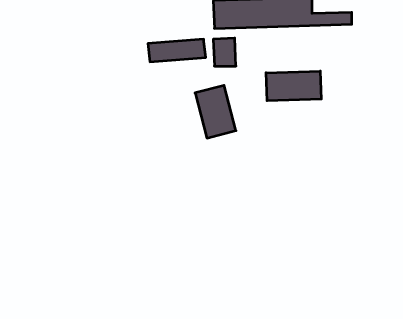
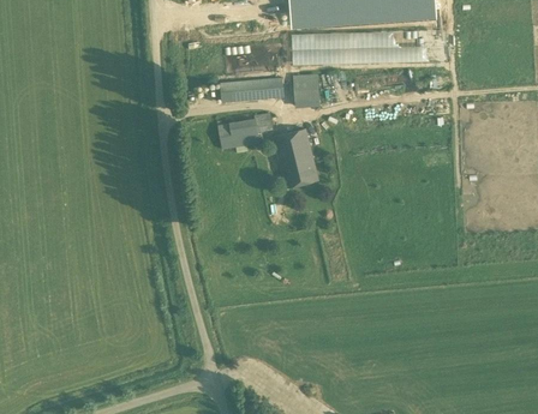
building: [266,71,321,101] -> none
building: none -> [217,113,273,149]

